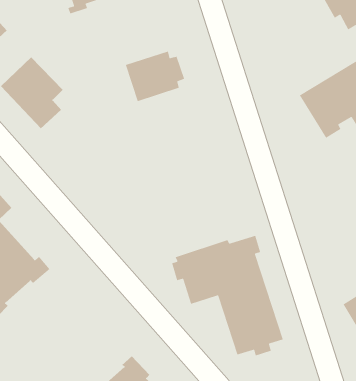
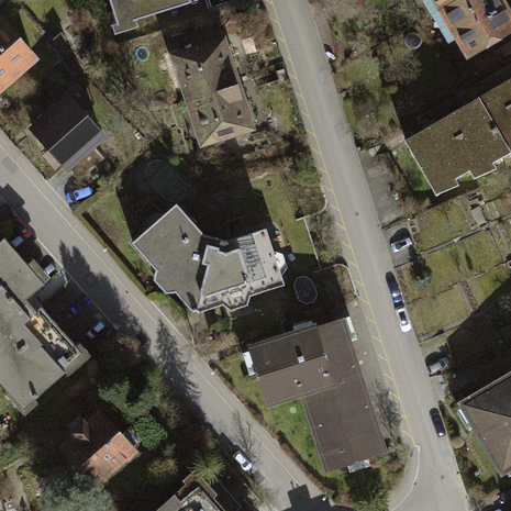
building: none -> [169,36,246,101]
building: none -> [131,202,286,312]
building: none -> [56,409,138,491]

